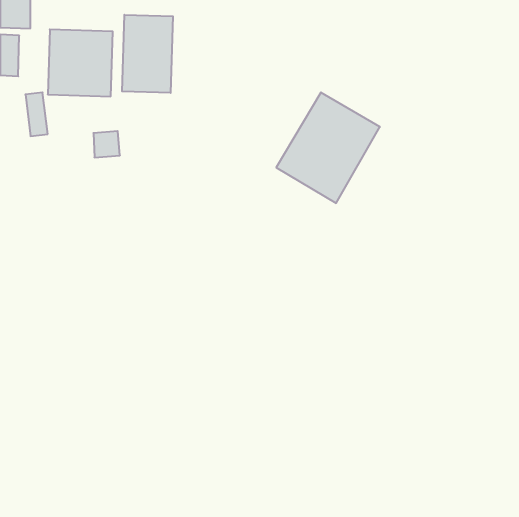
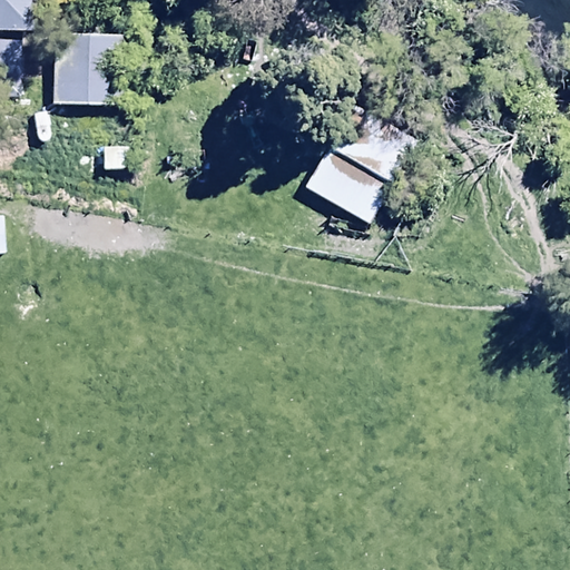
building: [122,15,173,93] -> none

